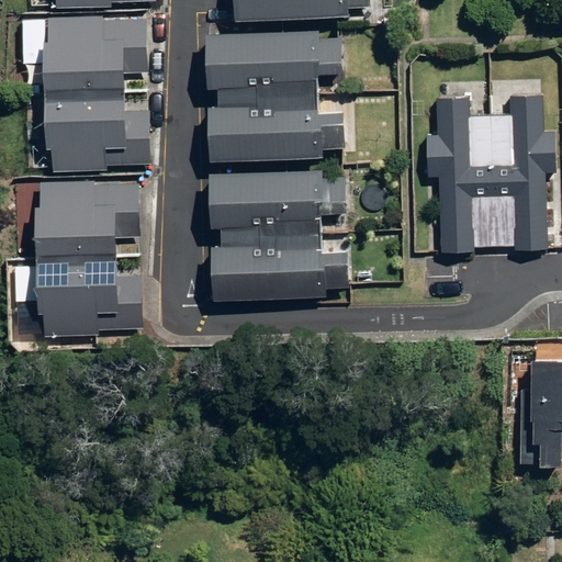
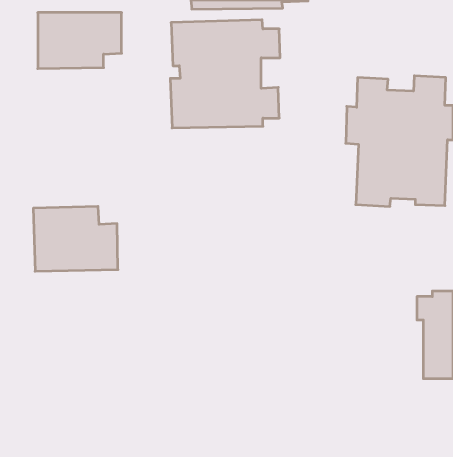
building: [46,87,150,168] -> none
building: [210,170,347,300] -> none
building: [38,181,140,258] -> none

